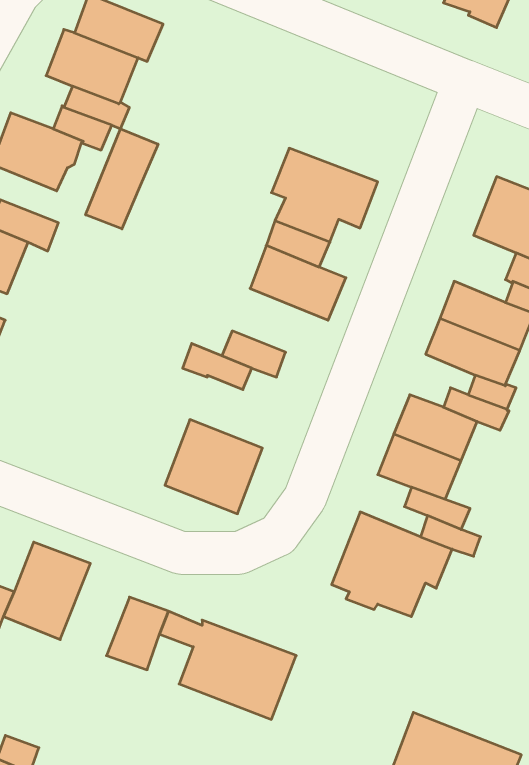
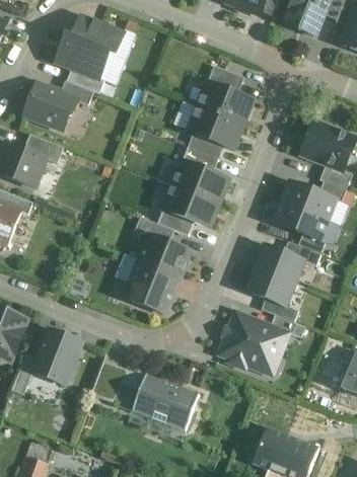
building: none -> [195,65,256,124]
building: [86,129,158,229] -> none
building: none -> [162,184,217,227]
building: none -> [138,234,190,275]

